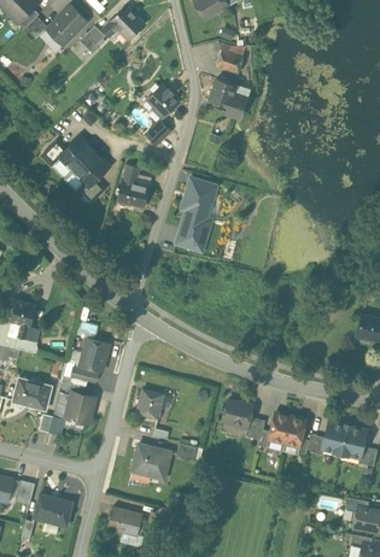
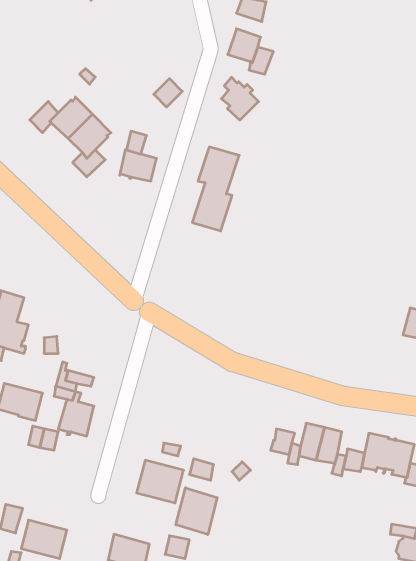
building: [147,82,179,118] -> [221,77,259,120]
building: [80,339,110,371] -> none
building: [136,389,164,418] -> none
building: [222,400,253,427] -> none
building: none -> [176,488,217,535]

